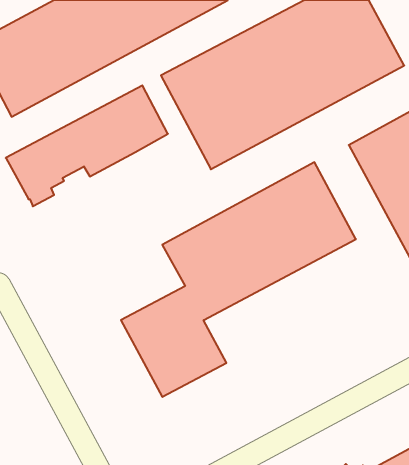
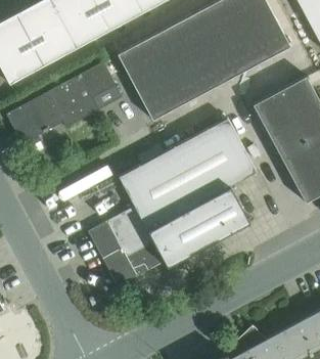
building: none -> [148,186,250,267]

